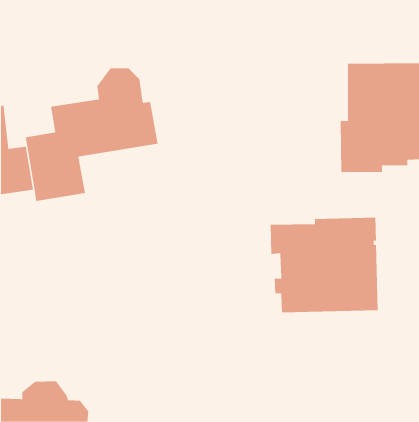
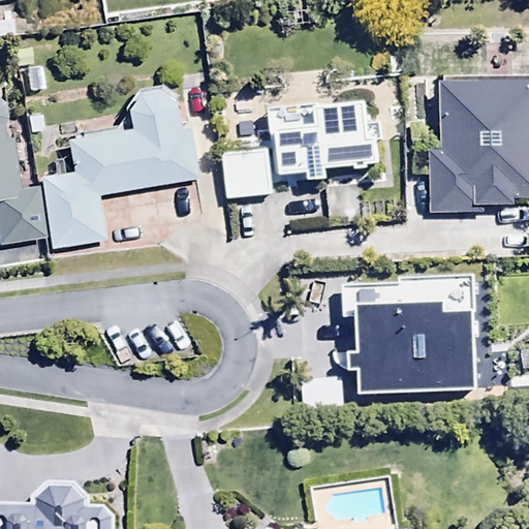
building: none -> [223,99,378,199]

